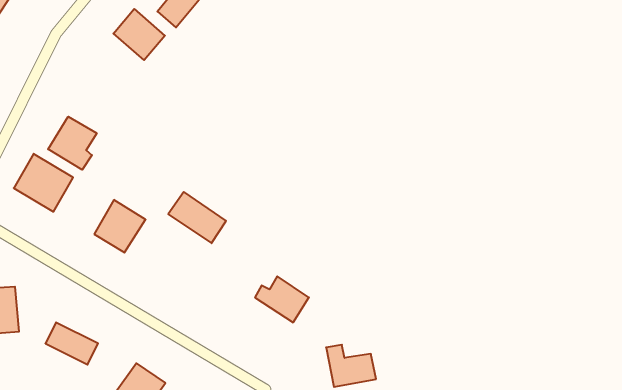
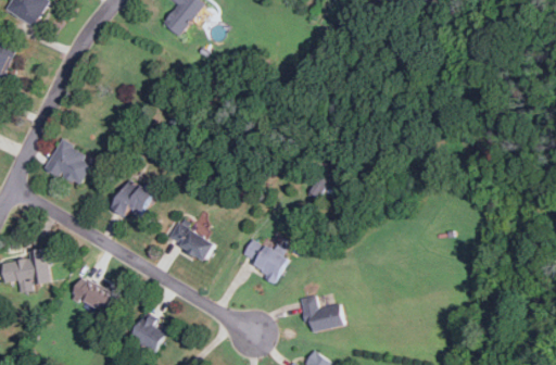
building: [113,9,165,60] -> none
building: [48,117,97,170] -> none
building: [168,192,226,243] -> [167,218,215,261]

